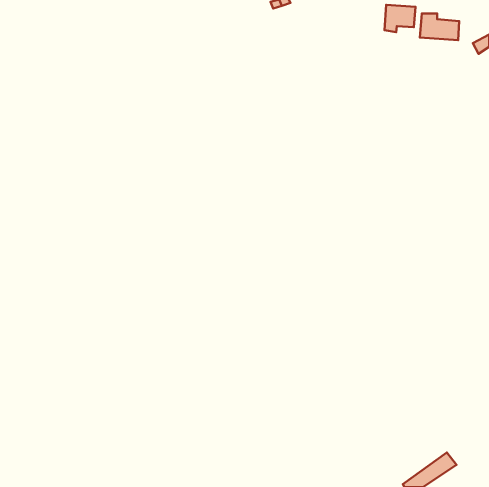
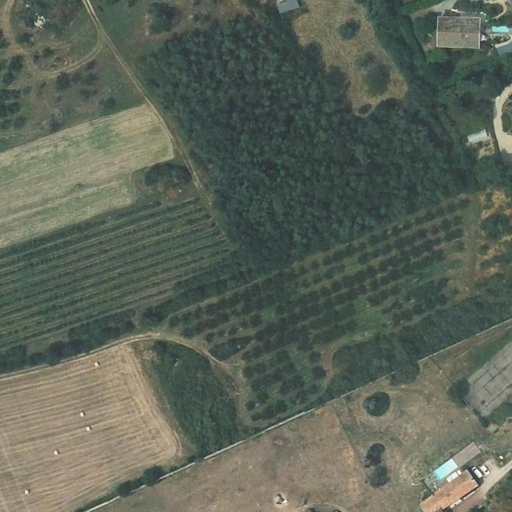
building: [384,5,416,32] -> none

